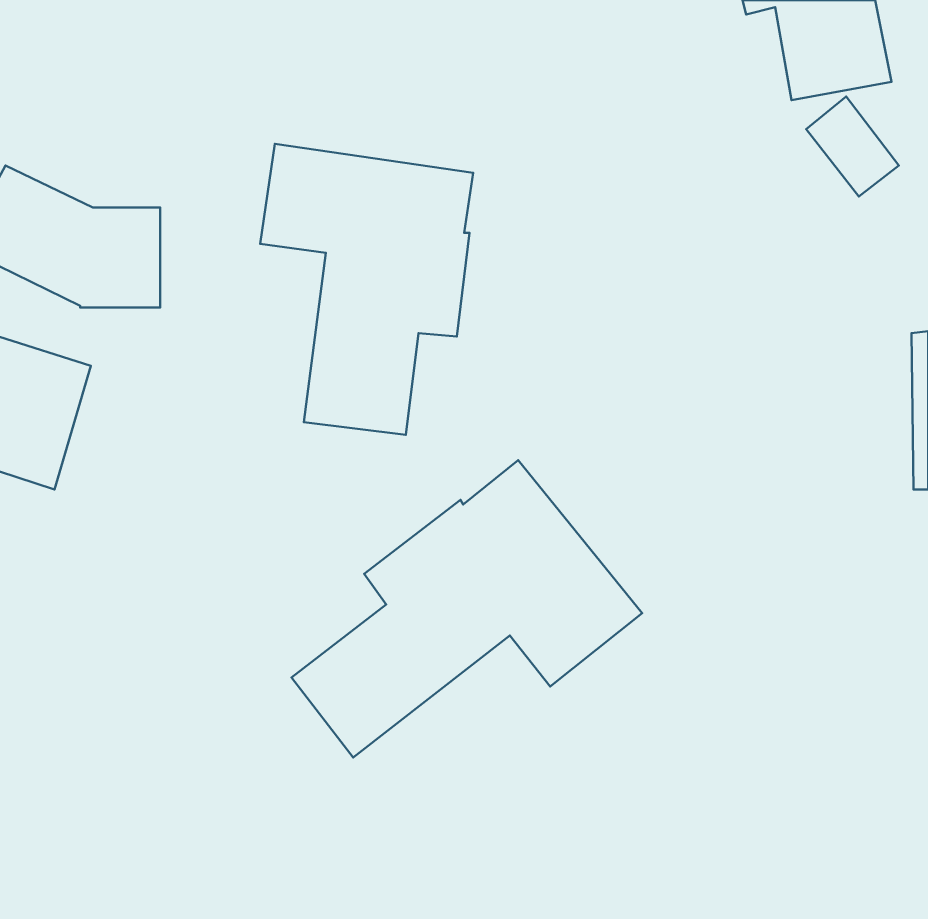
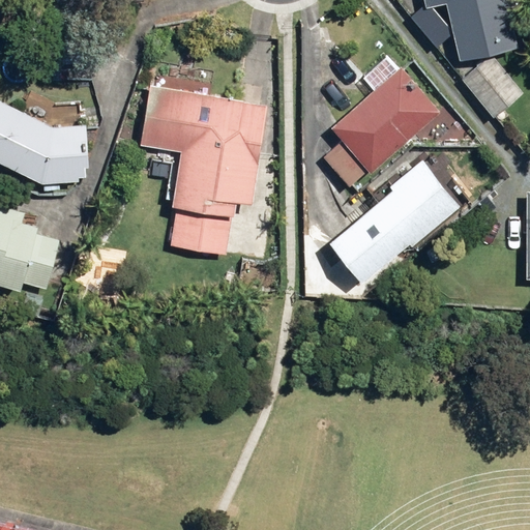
building: none -> [319,73,435,193]
building: none -> [322,172,453,290]
building: [291,460,642,757] -> none

